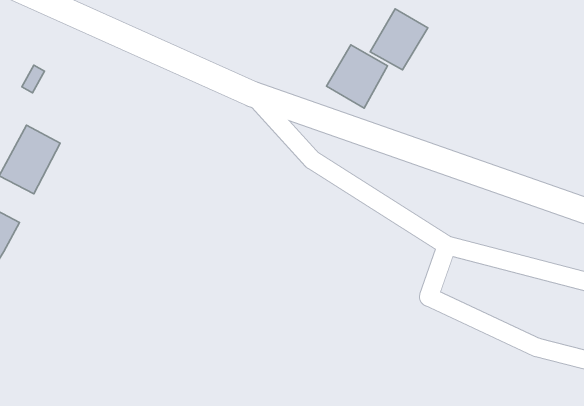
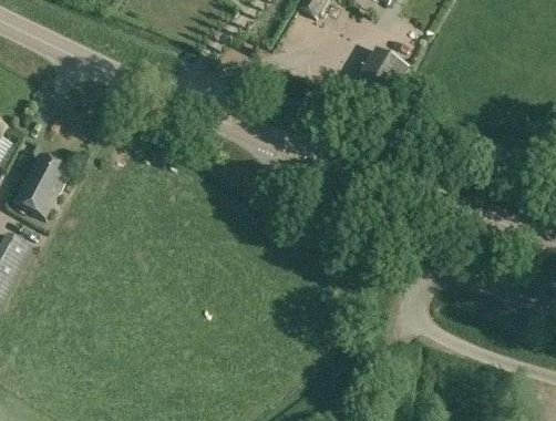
building: [327,45,387,108] -> none

